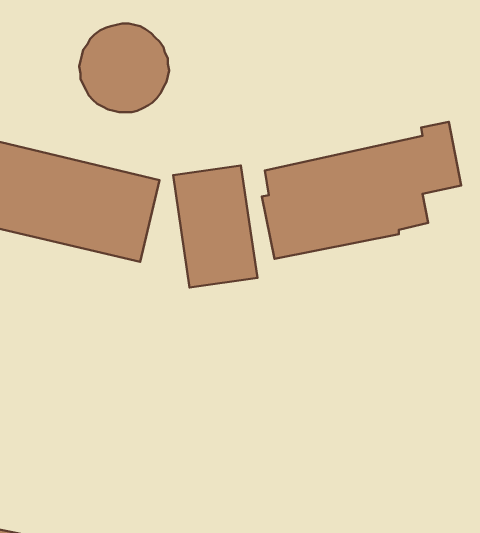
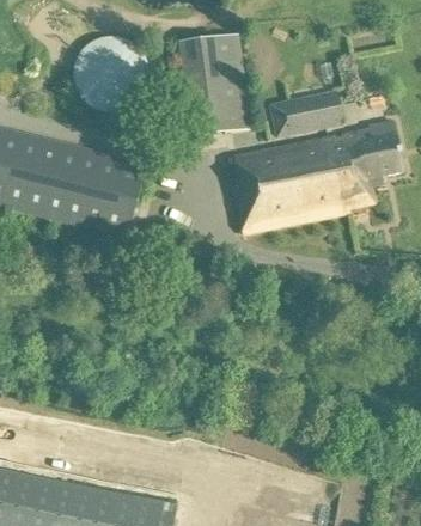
building: none -> [269,92,343,141]
building: [173,166,258,287] -> [179,32,252,137]

